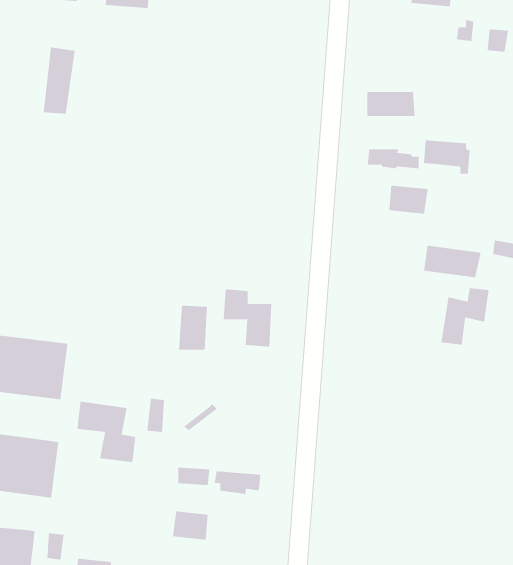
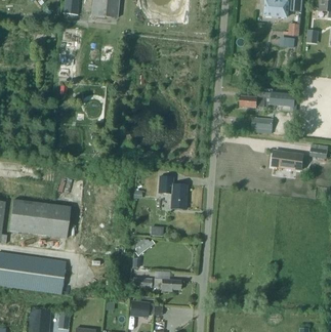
building: [367,91,415,117] -> none
building: [441,287,489,345] -> none
building: [179,305,208,351] -> none
building: [77,401,136,463] -> none

